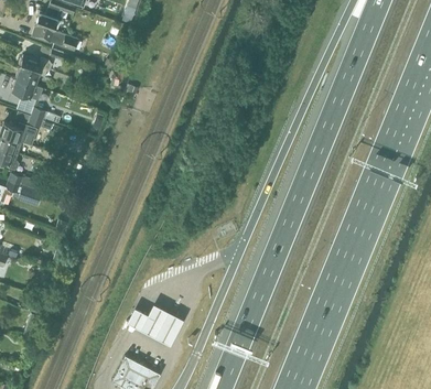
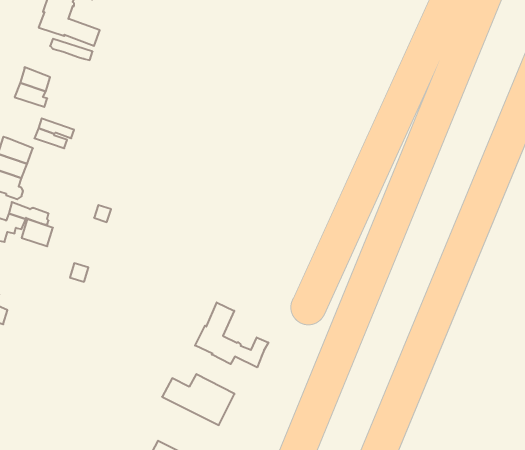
building: [19,55,52,76] -> none
building: none -> [195,302,268,367]

